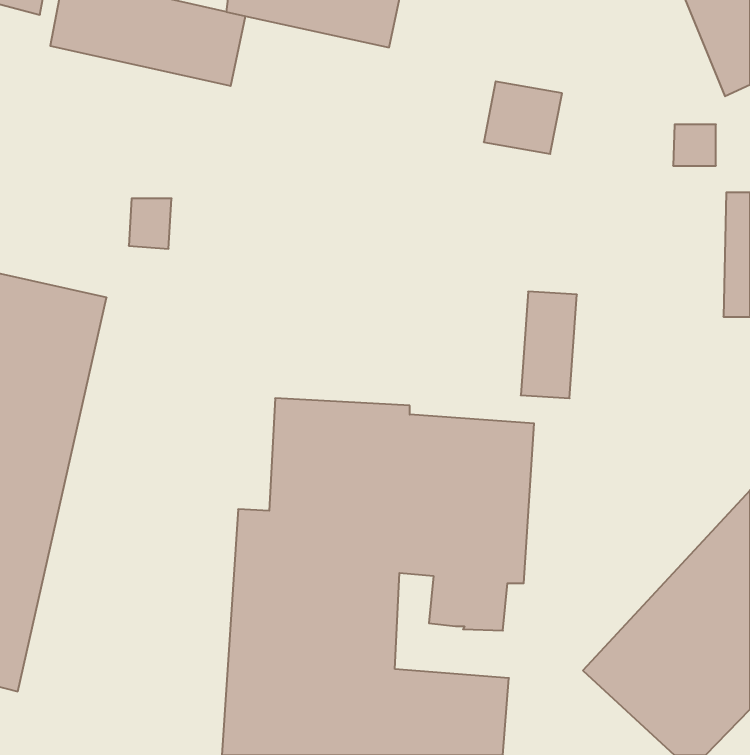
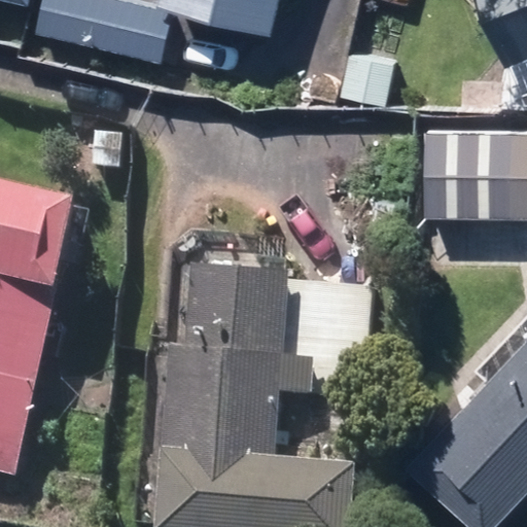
building: none -> [418,117,488,220]

